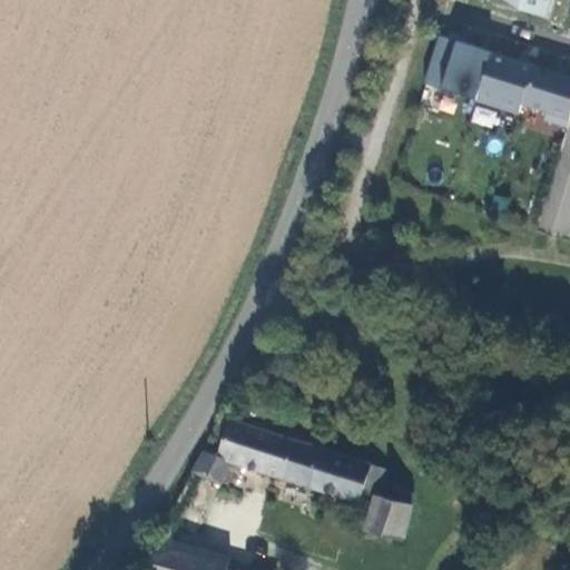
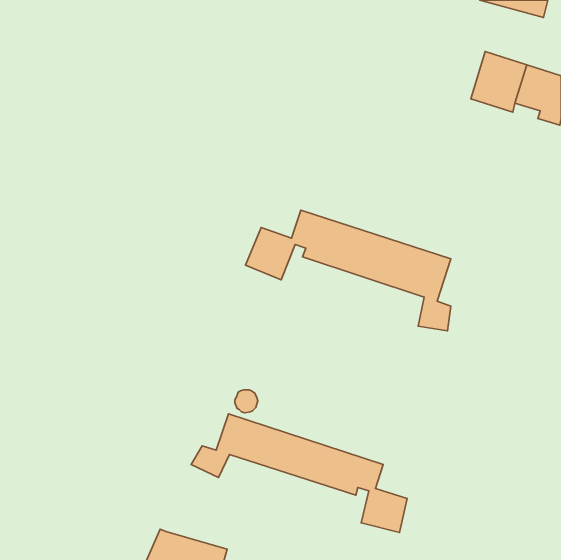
building: [424,37,492,101] -> none
building: none -> [246,210,451,331]

